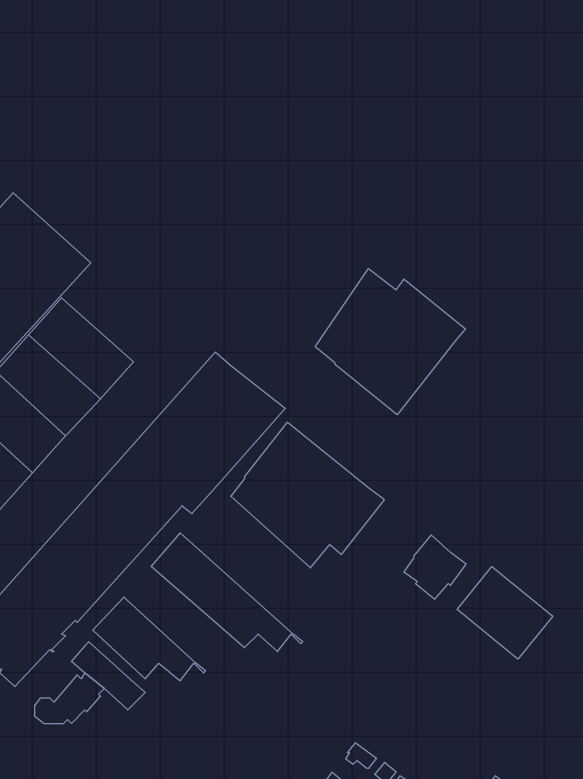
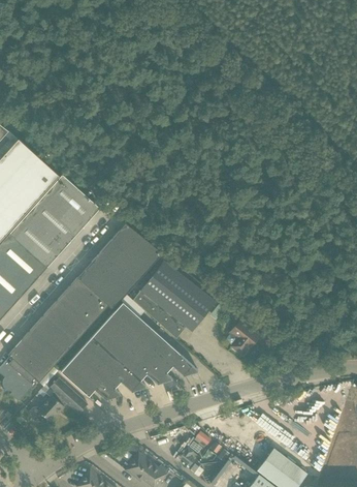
building: none -> [43,175,99,229]
building: [315,269,466,415] -> none
building: none -> [106,302,197,374]
building: none -> [76,337,145,390]
building: [457,567,553,659] -> none

